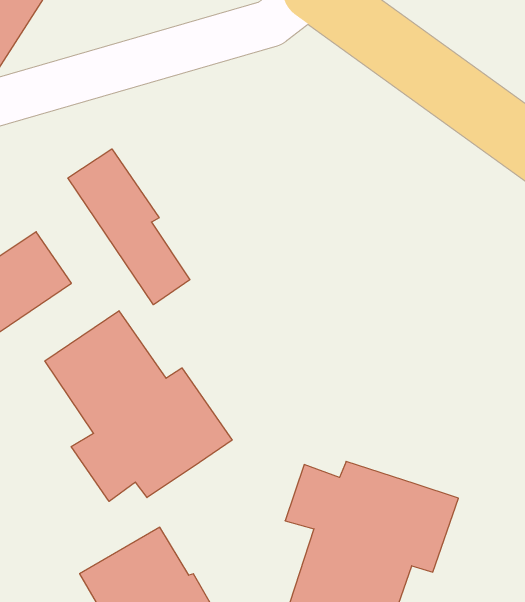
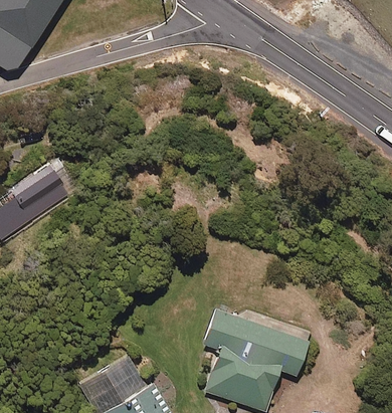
building: [68,149,190,305] -> none
building: [45,311,232,501] -> none

